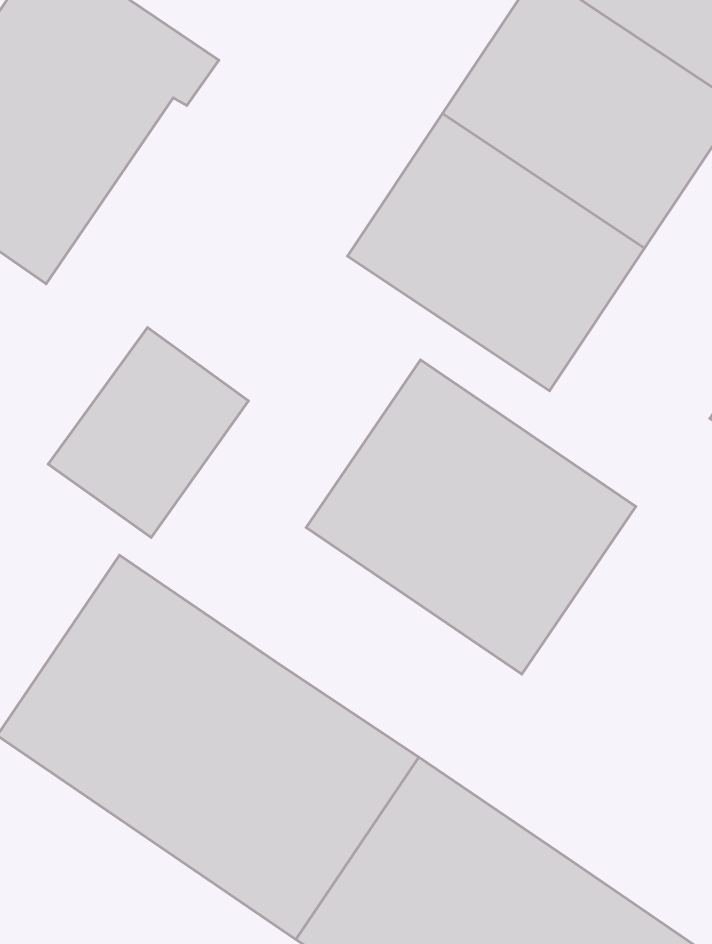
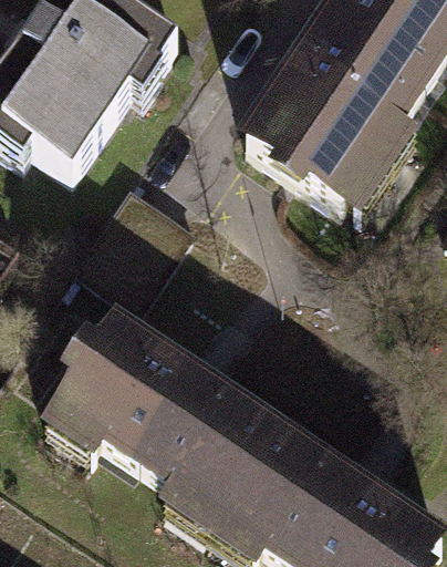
building: [306,360,636,674] -> none

